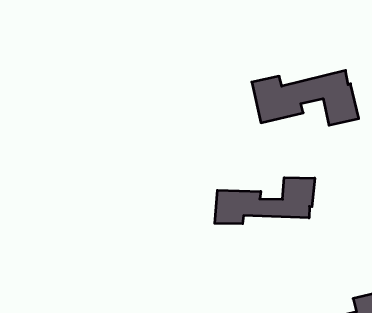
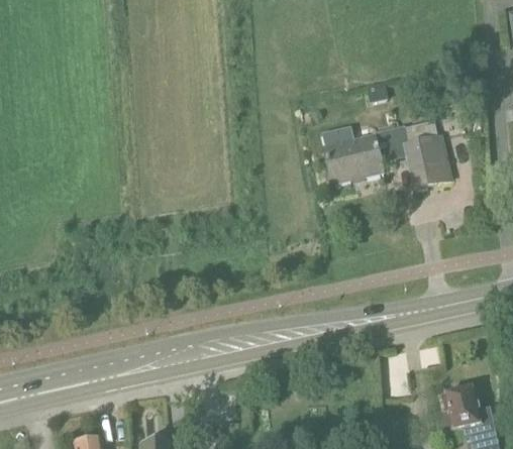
building: [215,178,315,224] -> none

